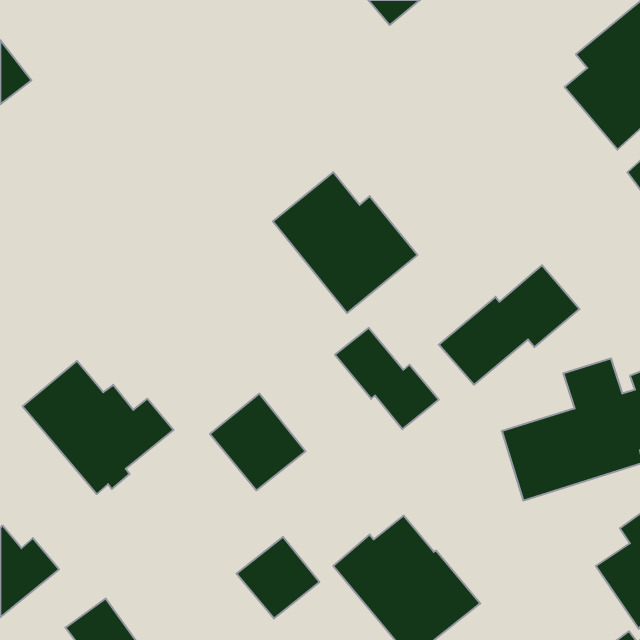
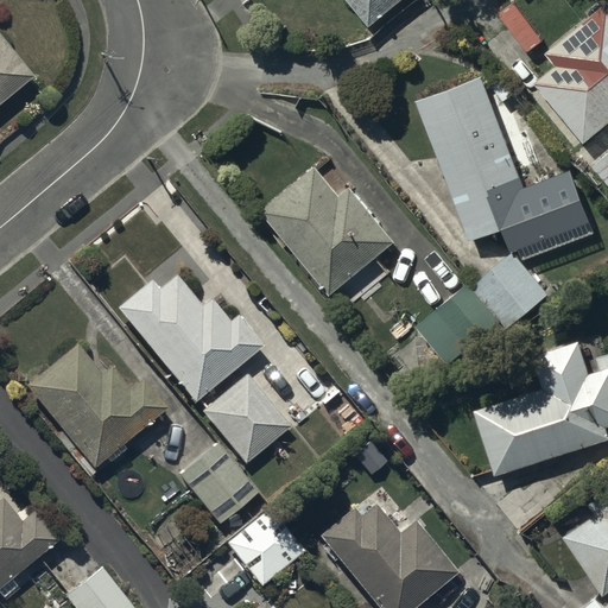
building: none -> [417,76,595,247]
building: none -> [115,277,261,403]
building: [335,328,439,429] -> none
building: none -> [177,443,258,526]

